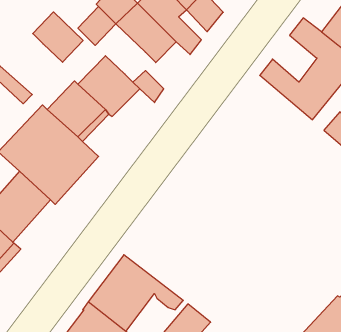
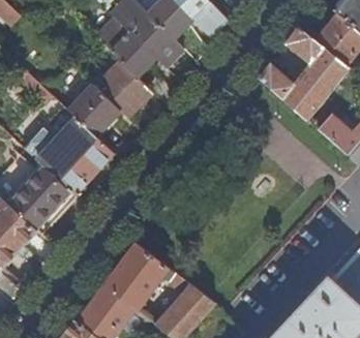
building: [33,12,83,62] -> [110,32,155,78]

